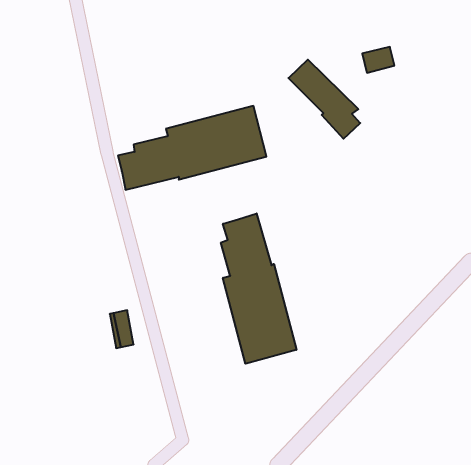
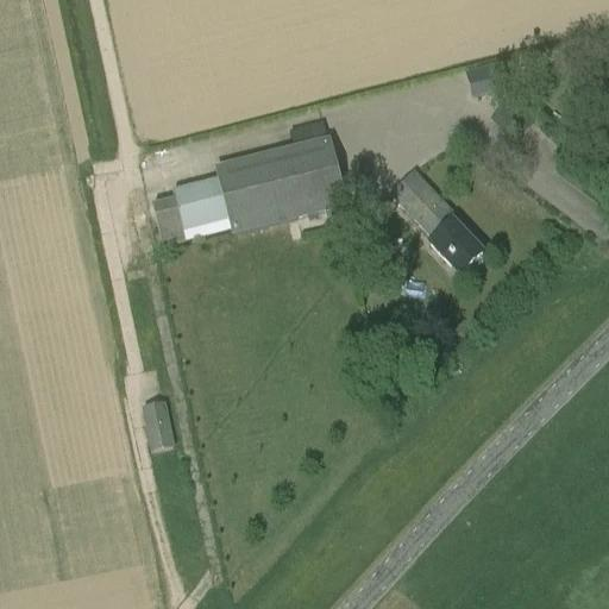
building: [288,60,360,139] -> [388,169,481,271]
building: [221,213,296,364] -> none

